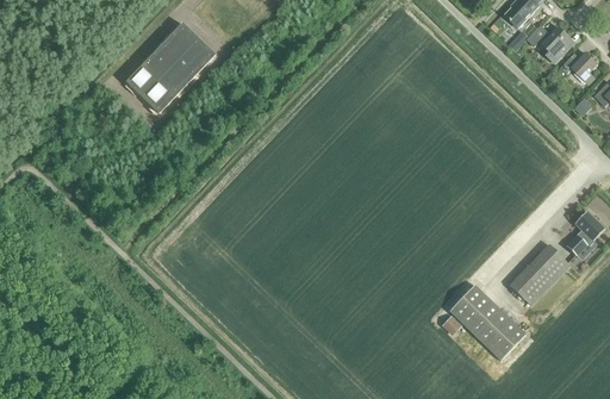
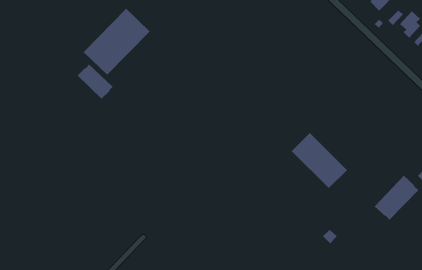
building: none -> [77,63,113,100]
building: [449,283,524,359] -> [291,132,348,189]

